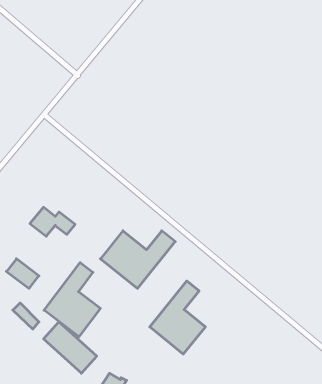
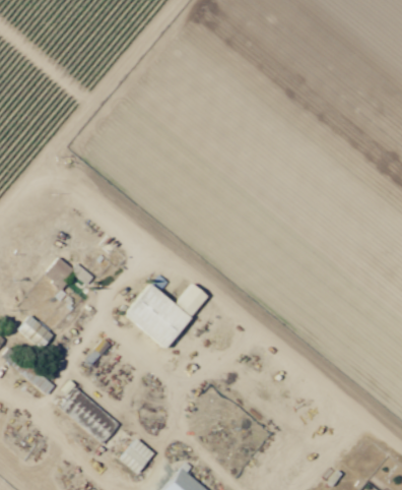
building: [44,263,100,337] -> none
building: [150,281,205,354] -> none

